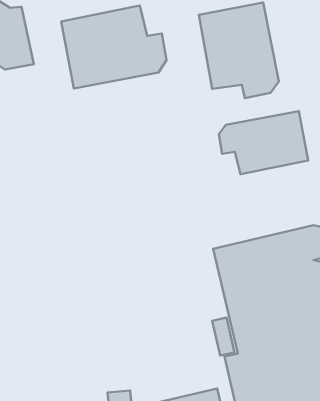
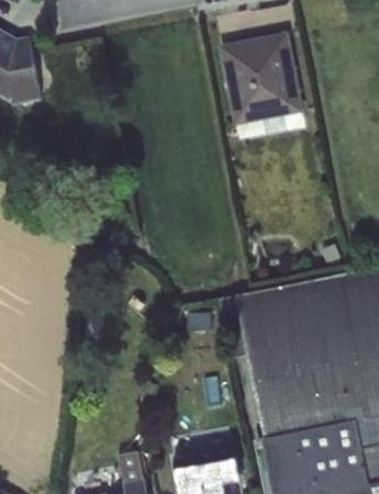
building: [61,6,167,88] -> none
building: [219,111,308,174] -> none

